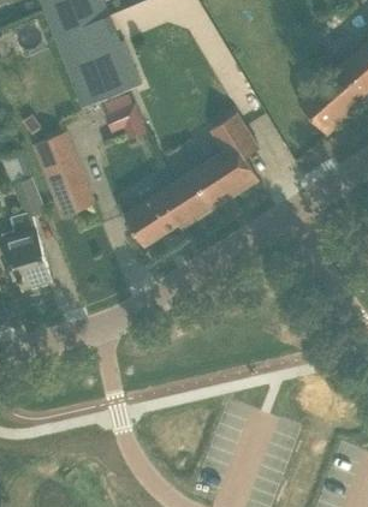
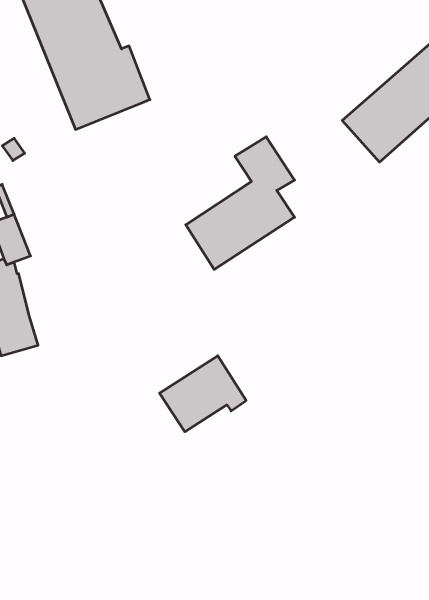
building: [103,94,140,131] -> none
building: [31,130,93,215] -> none
building: [123,184,192,245] -> [160,356,246,432]

